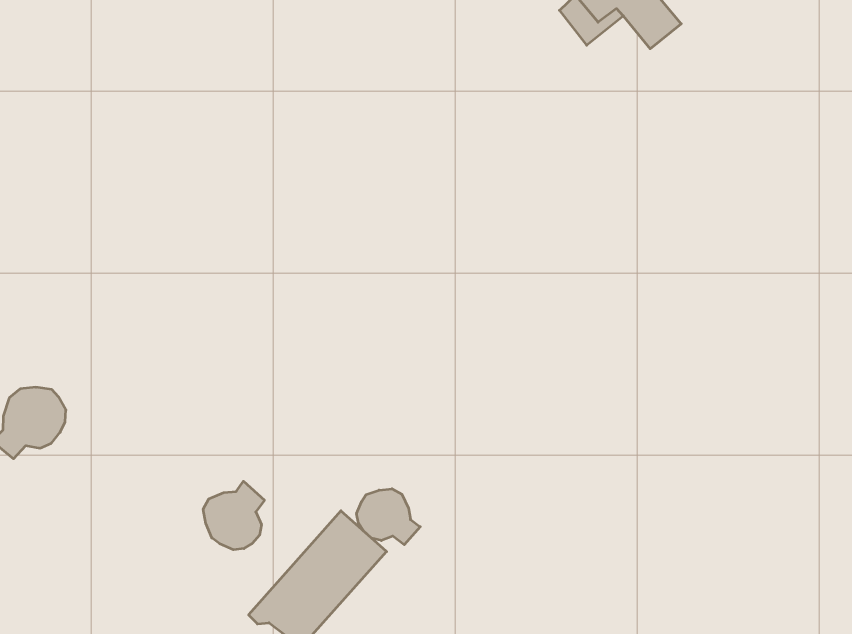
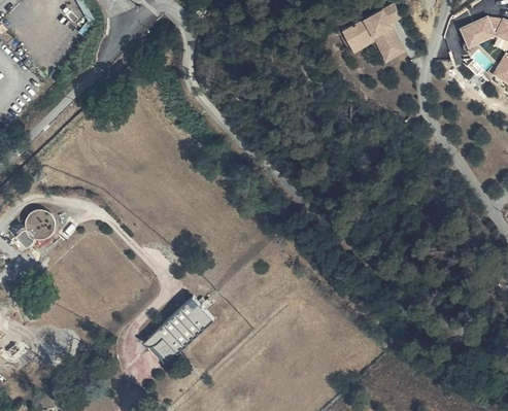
building: [203,481,264,550] -> none
building: [357,489,420,545] -> none

